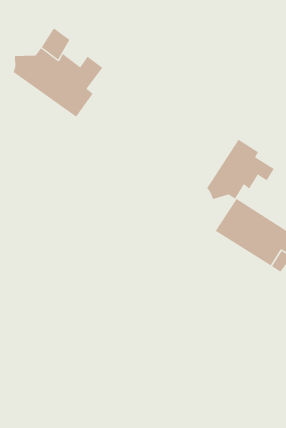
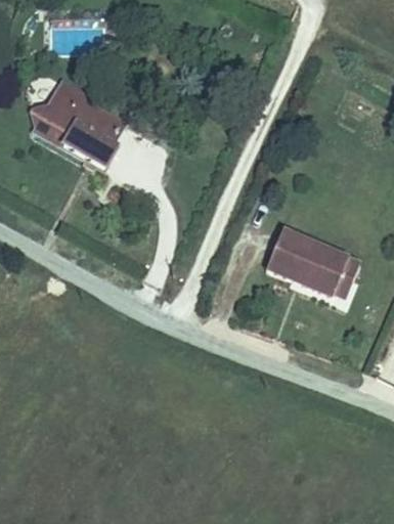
building: [206,139,274,200] -> none

